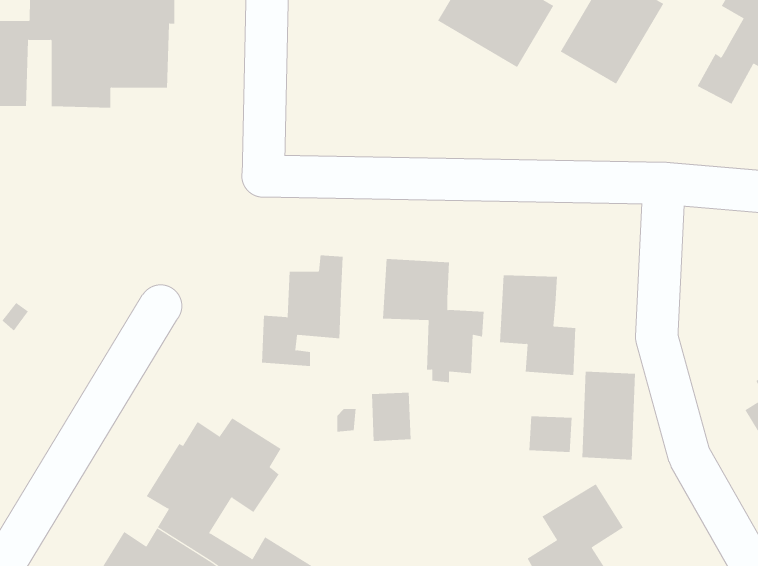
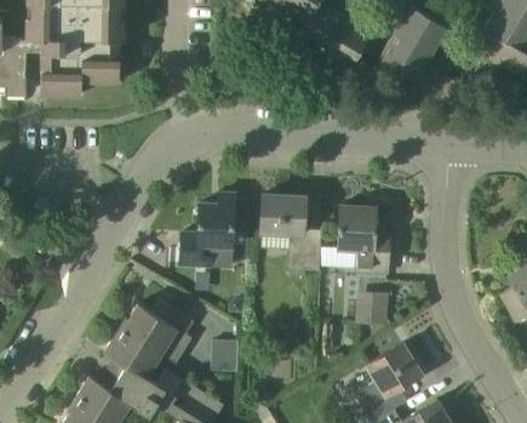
building: [582,371,635,460] -> none
building: [371,392,411,441] -> [211,338,237,371]

